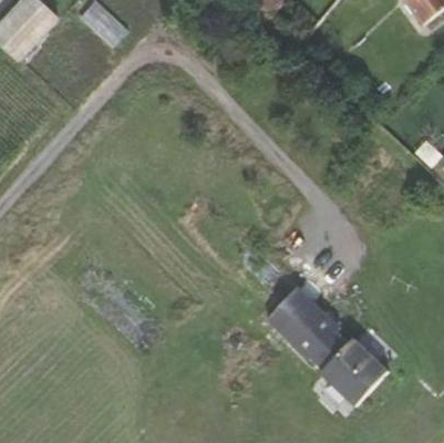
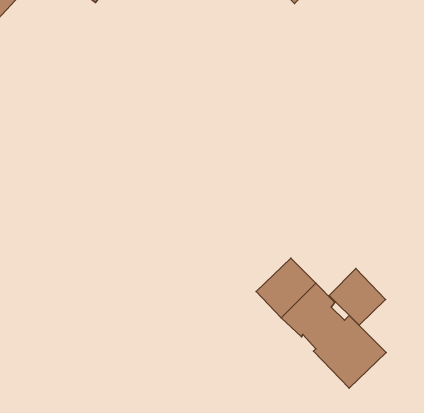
building: none -> [329,269,386,325]

